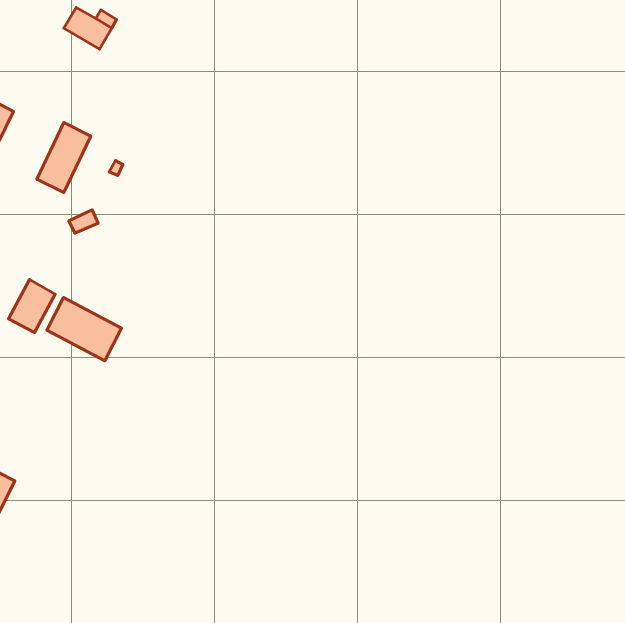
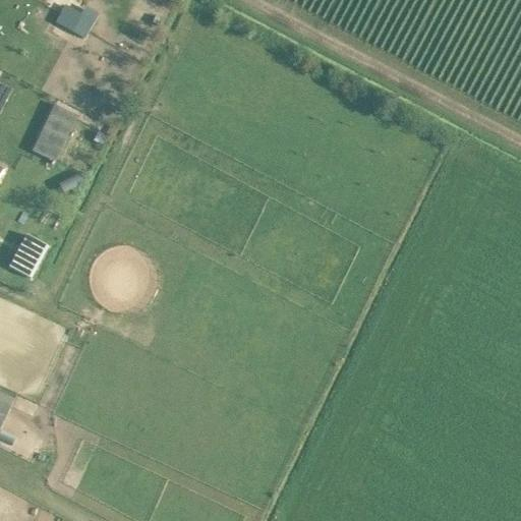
building: [47,298,121,361] -> none

